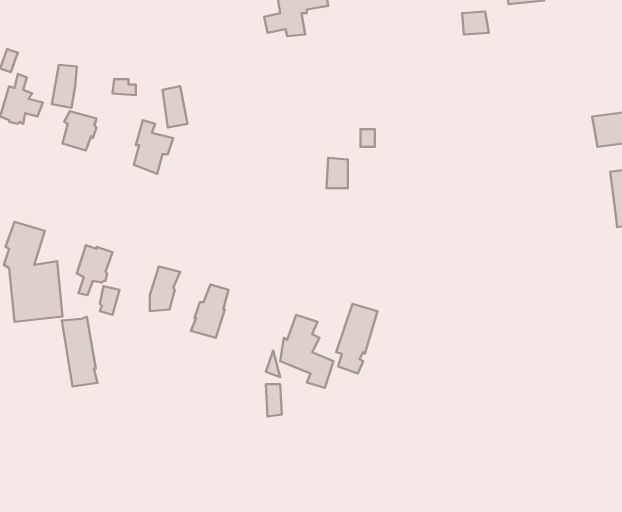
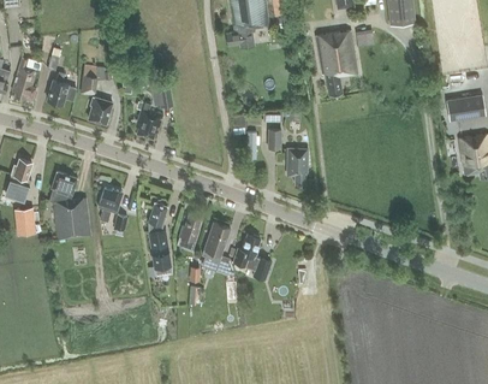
building: none -> [316,30,356,95]
building: none -> [287,147,308,184]
building: [336,304,377,374] -> [202,221,230,268]
building: [62,317,98,386] -> [148,229,172,276]

